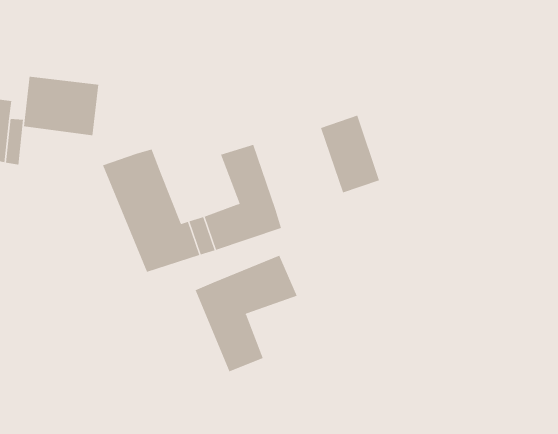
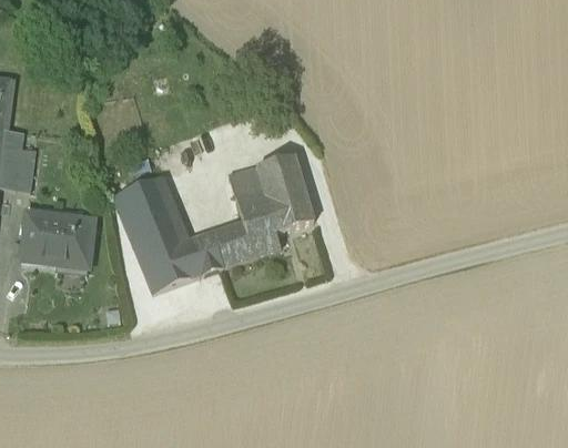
building: [23,76,99,136] -> [22,206,94,263]
building: [320,115,380,193] -> [254,157,311,232]
building: [195,255,298,372] -> none

